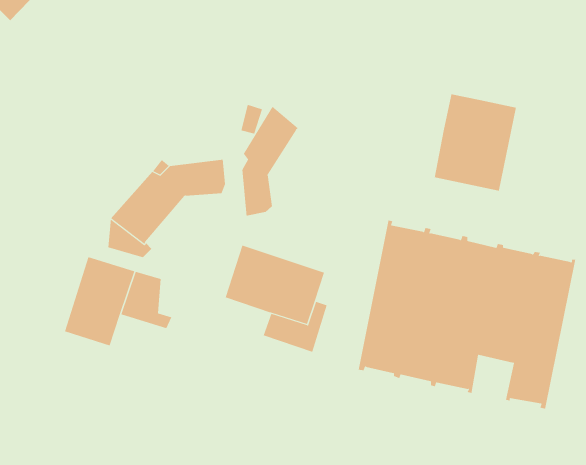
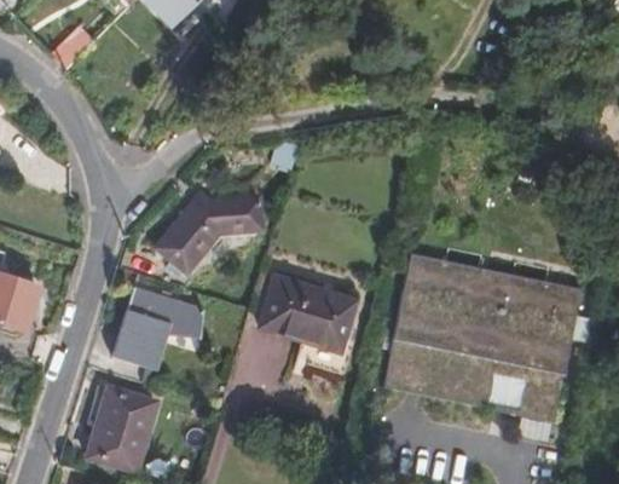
building: [434,93,516,191] -> none
building: [242,106,299,217] -> none
building: none -> [87,385,156,469]

